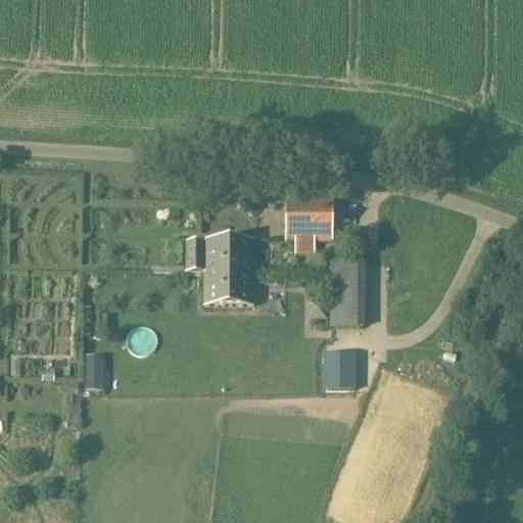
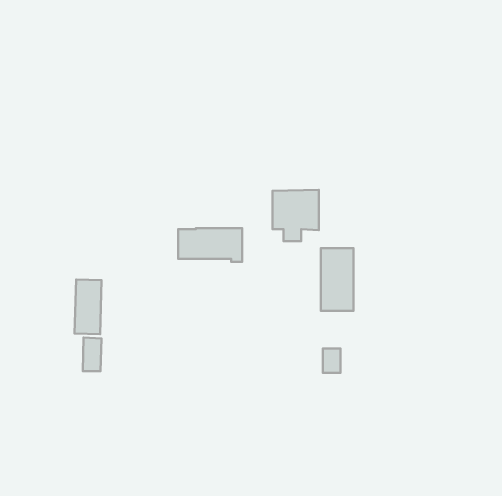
building: [202,269,251,302] -> none
building: none -> [75,280,102,334]

